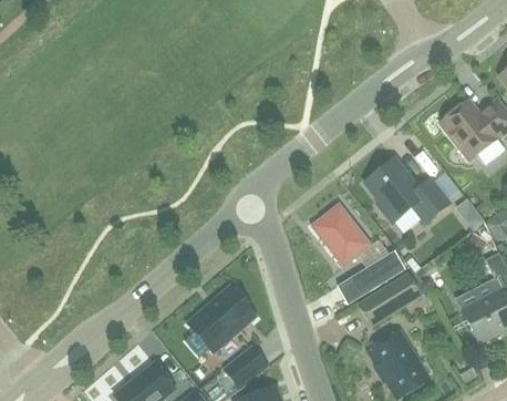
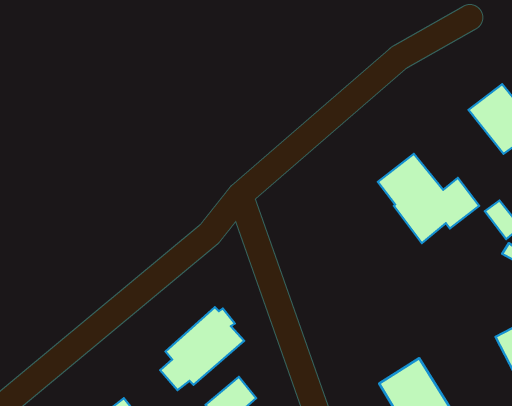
building: [310,203,370,265] -> none
building: [337,249,403,301] -> none
building: [358,273,420,325] -> none

